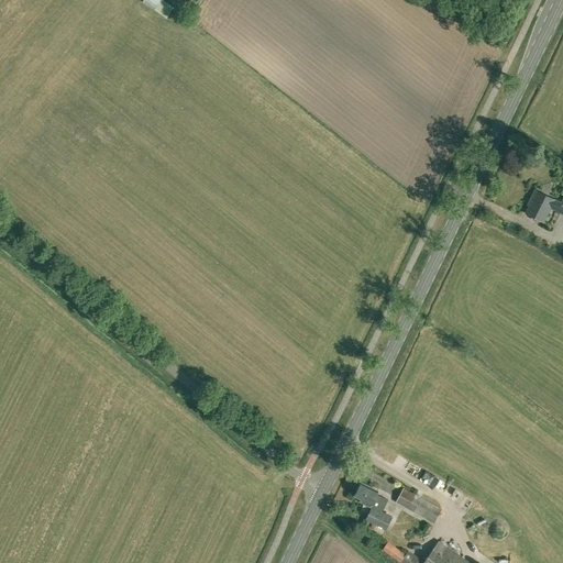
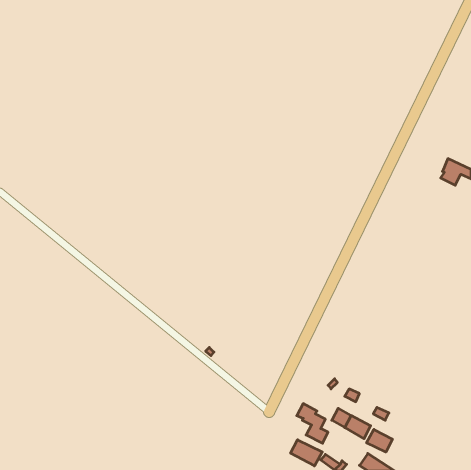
building: none -> [367,429,392,452]
building: none -> [291,440,322,466]

